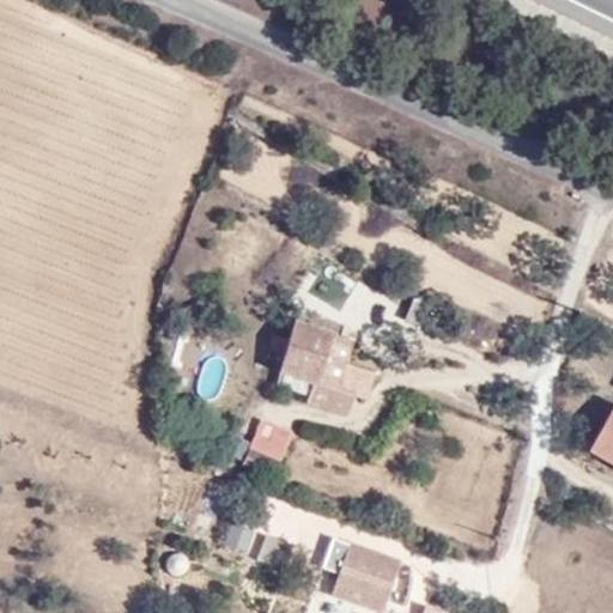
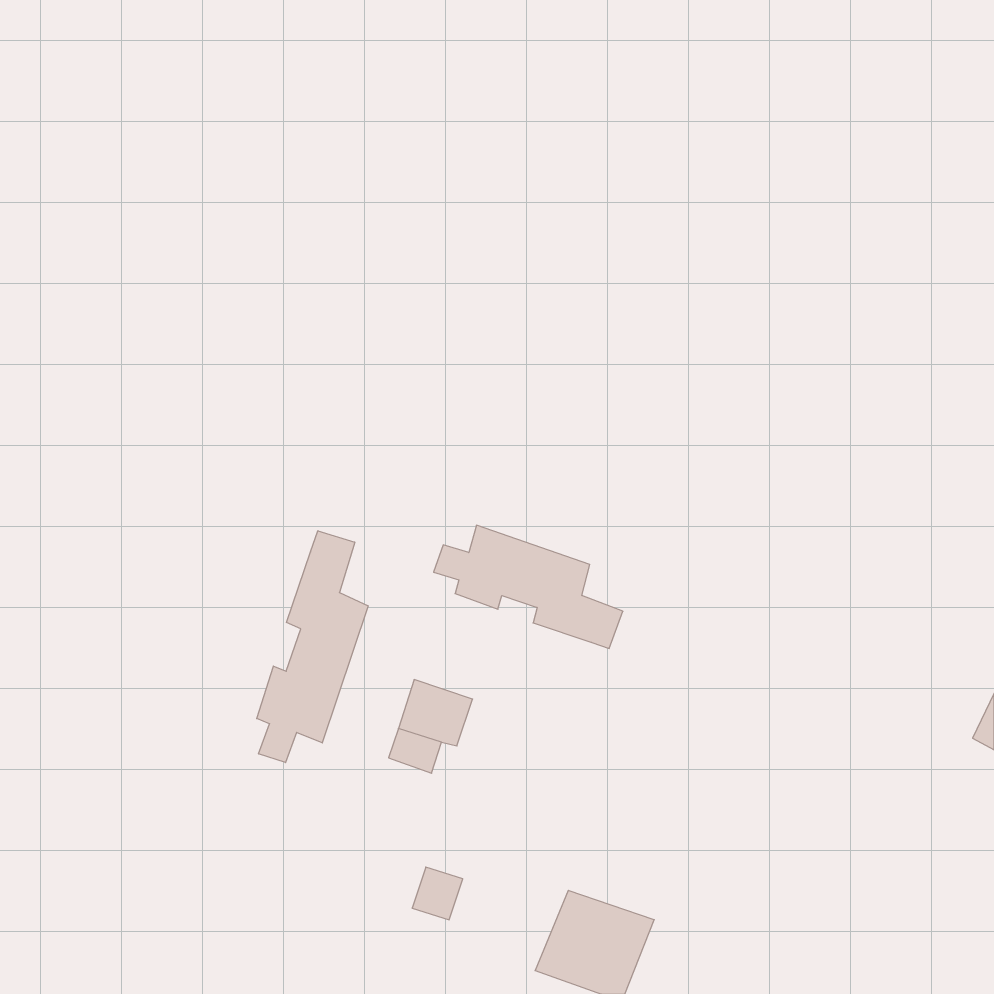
building: none -> [257,531,368,763]
building: [305,376,363,417] -> none

